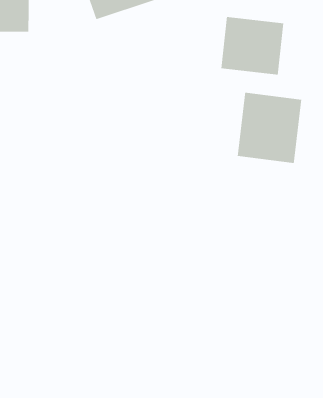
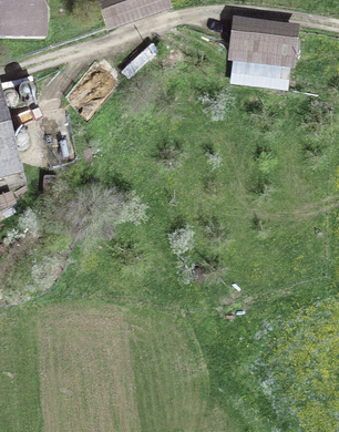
building: [237,92,302,164] -> none

